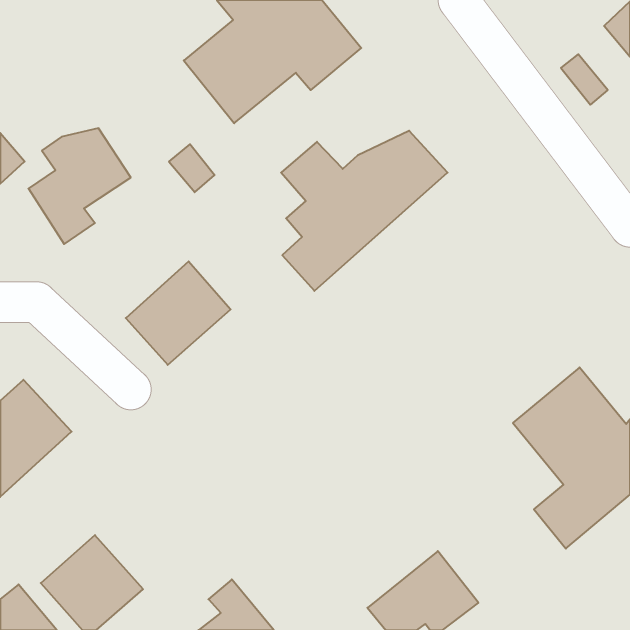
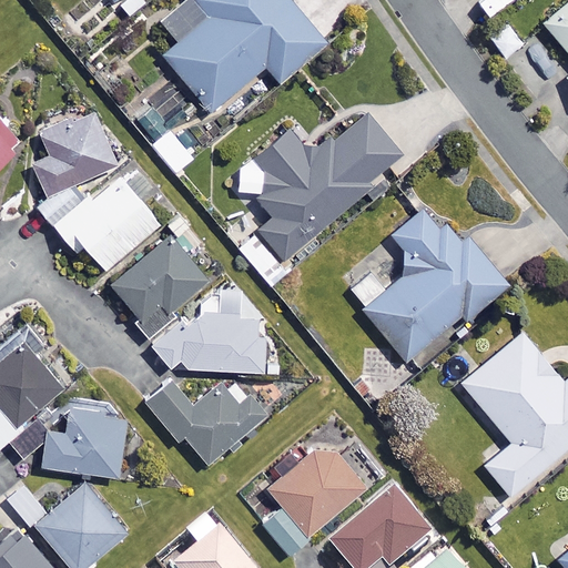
building: none -> [55,175,160,268]
building: none -> [364,206,508,359]
building: none -> [153,302,265,371]
building: none -> [148,383,267,465]
building: none -> [42,408,126,476]
building: none -> [263,439,366,552]

